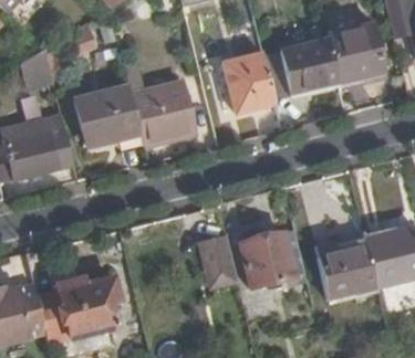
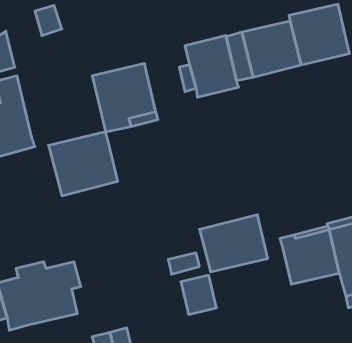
building: [72,85,141,148] -> [48,132,118,196]
building: [198,235,234,274] -> [181,275,217,314]

